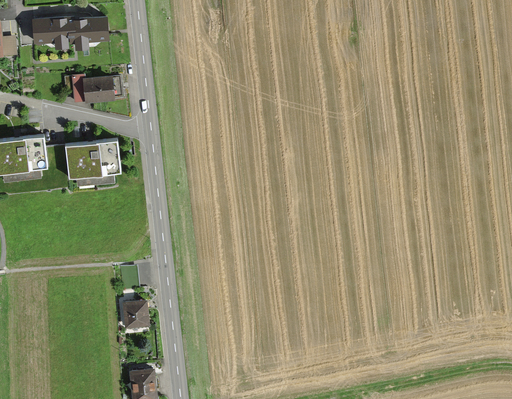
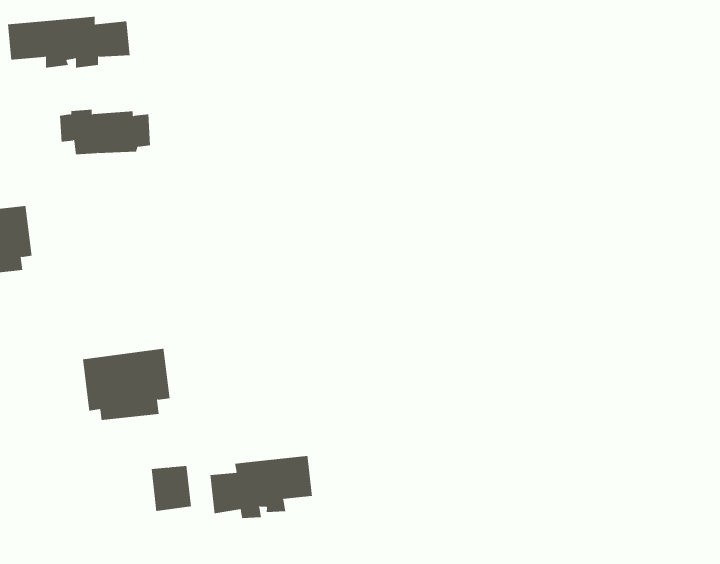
building: [64,138,120,184] -> [82,348,170,421]
building: none -> [210,455,313,519]

